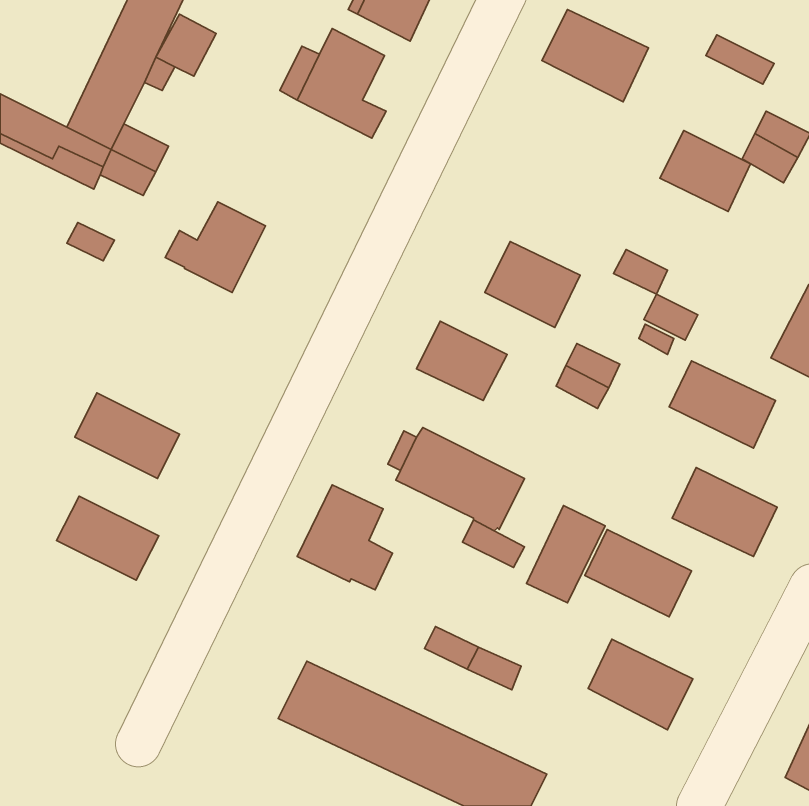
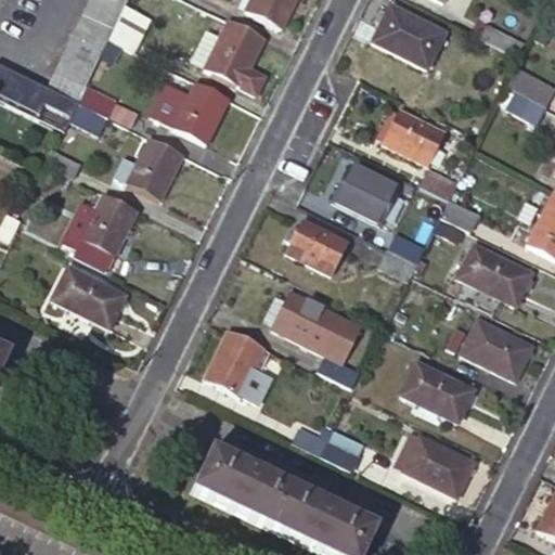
building: none -> [151,82,229,143]
building: [660,130,751,211] -> [383,109,444,165]
building: none -> [64,194,138,270]
building: [57,496,159,580] -> none
building: [527,505,605,603] -> none

